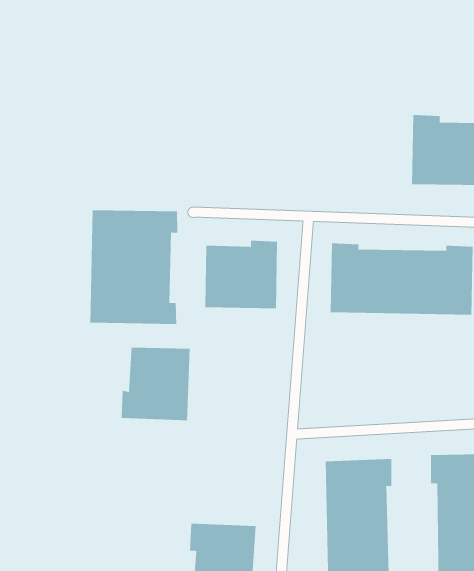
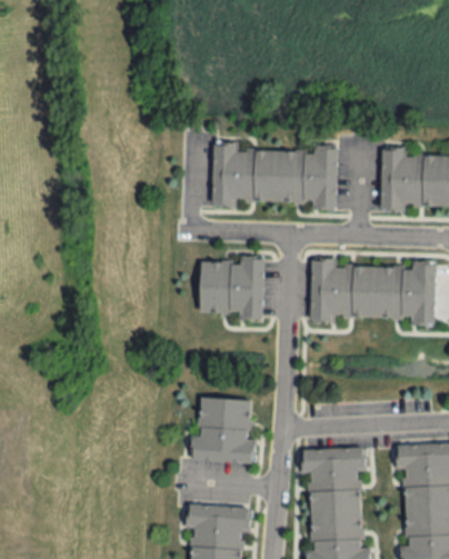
building: none -> [211,143,338,207]
building: [90,209,178,325] -> none
building: [121,347,190,421] -> [192,398,253,462]

